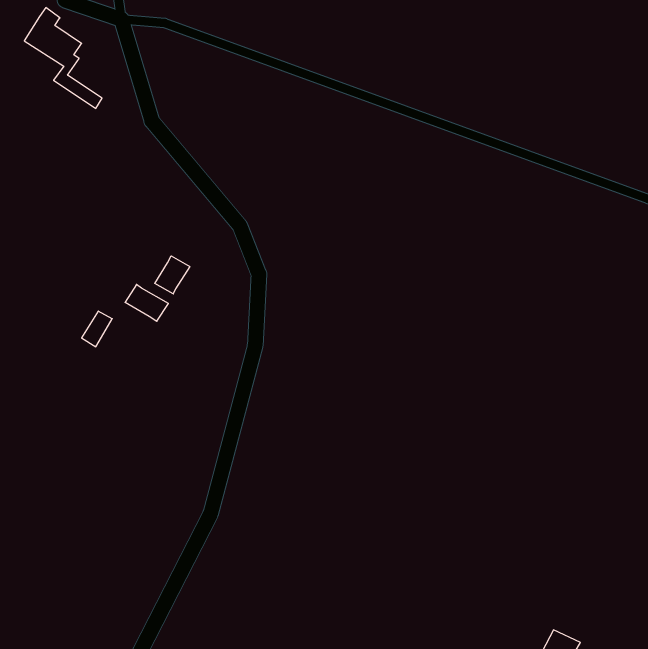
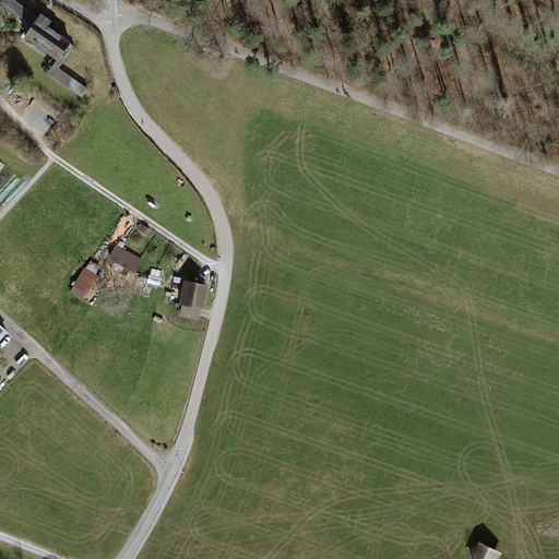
building: [155,256,190,294] -> none
building: none -> [177,278,212,318]

